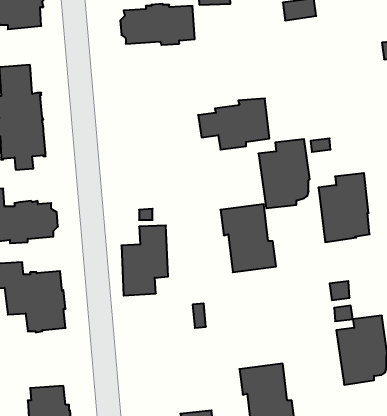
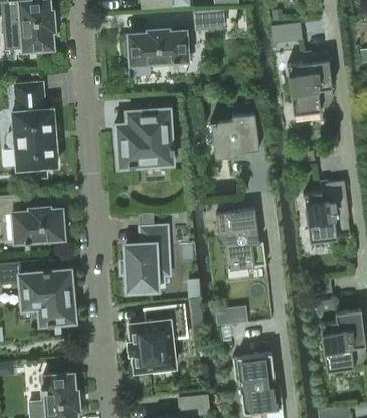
building: none -> [114,100,174,167]
building: [258,139,310,208] -> [286,52,332,115]
building: none -> [128,305,187,373]
building: none -> [214,307,246,327]

